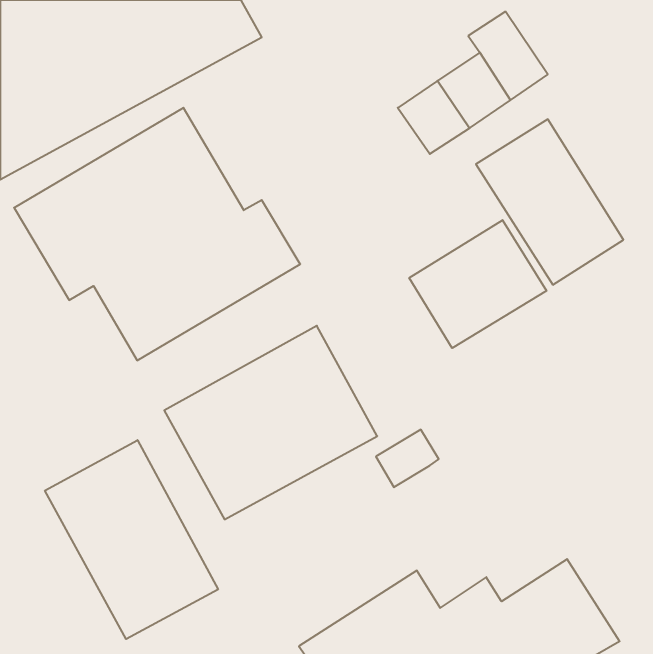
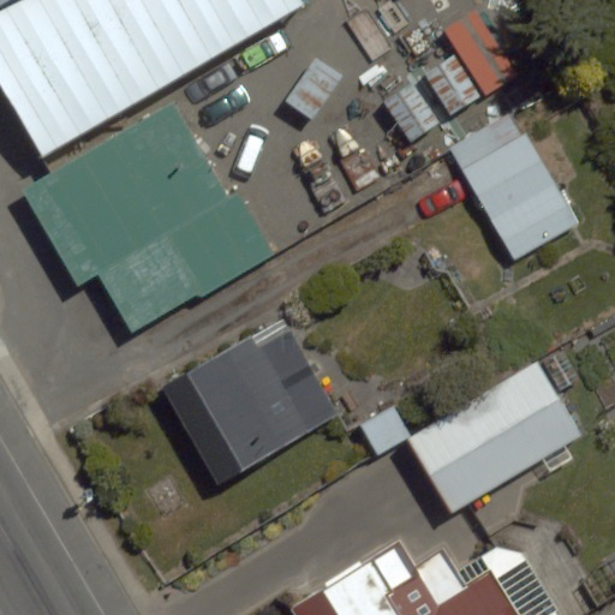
building: [409,220,546,348] -> none
building: none -> [406,353,592,514]
building: [45,440,218,639] -> none

